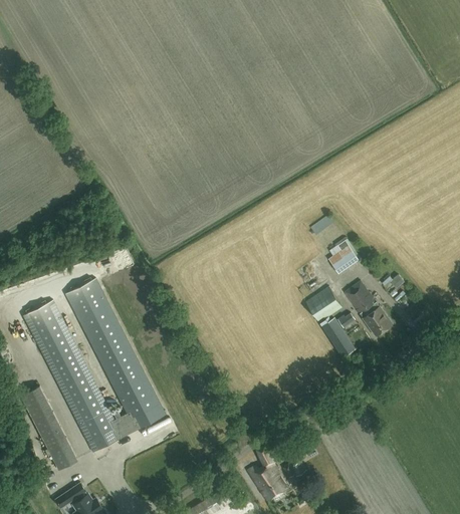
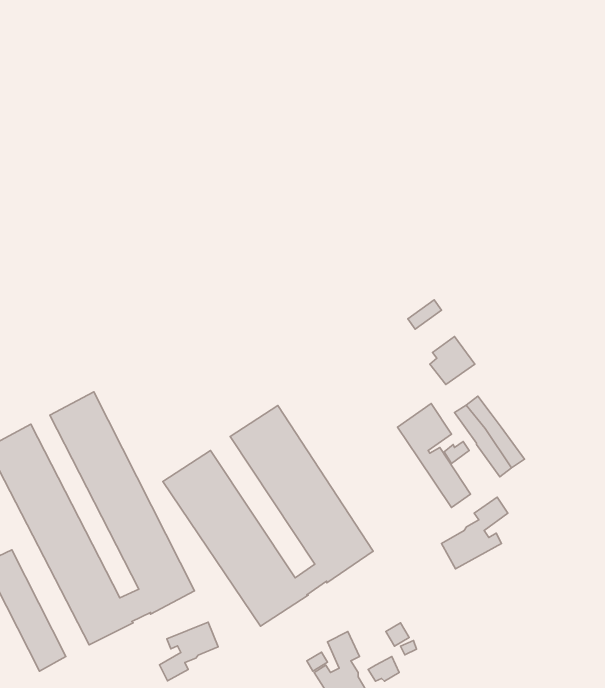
building: none -> [163,406,373,626]
building: none -> [442,497,508,569]
building: none -> [159,622,218,681]

